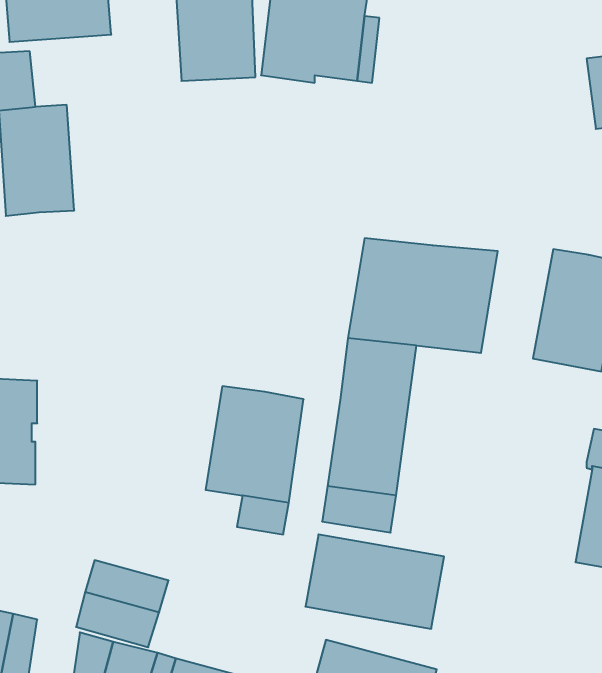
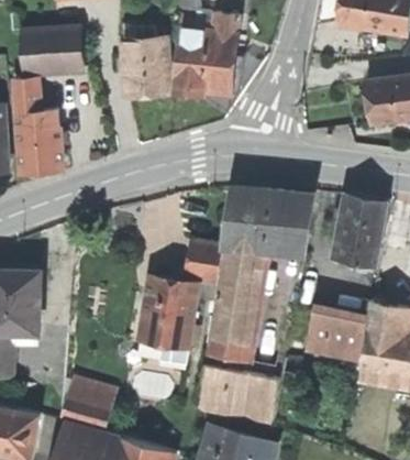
building: none -> [187,244,223,283]
building: none -> [306,311,365,358]

